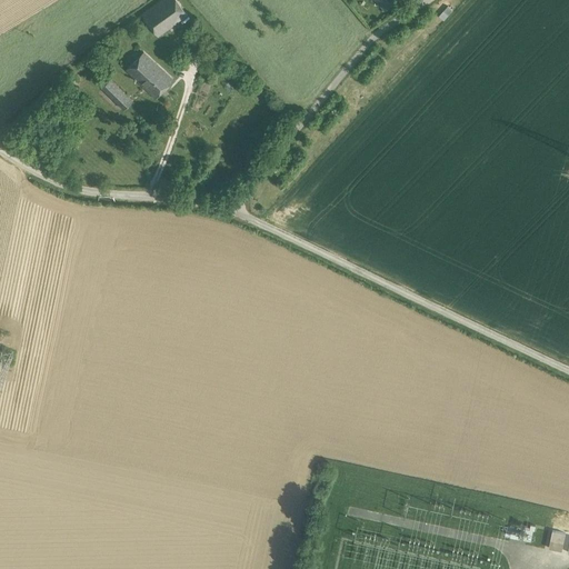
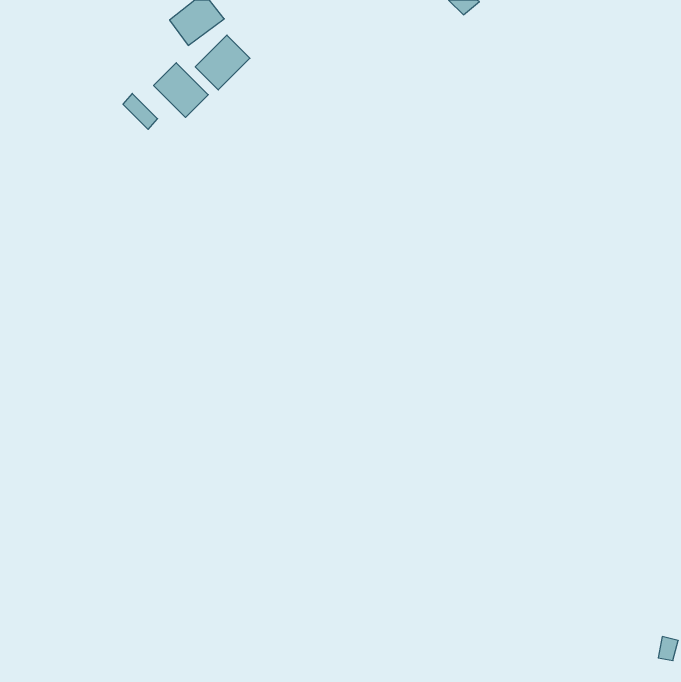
building: none -> [195,35,250,90]

